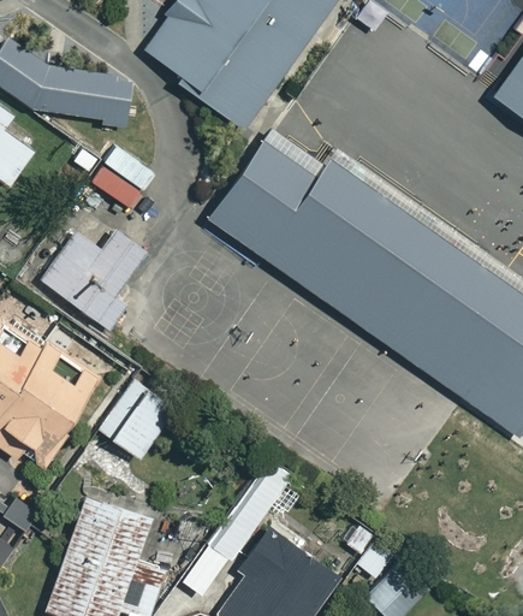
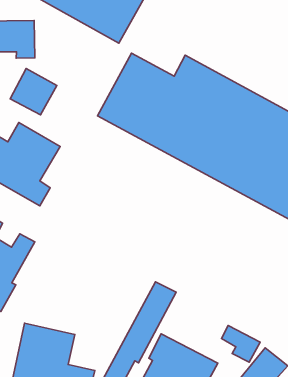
building: [91,377,170,456] -> none

